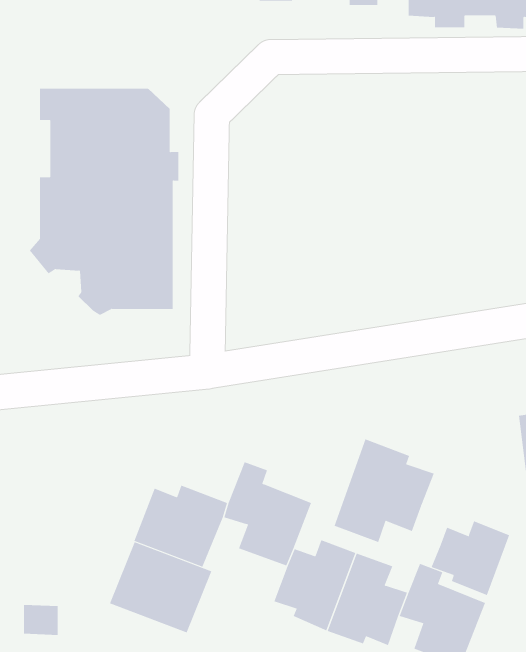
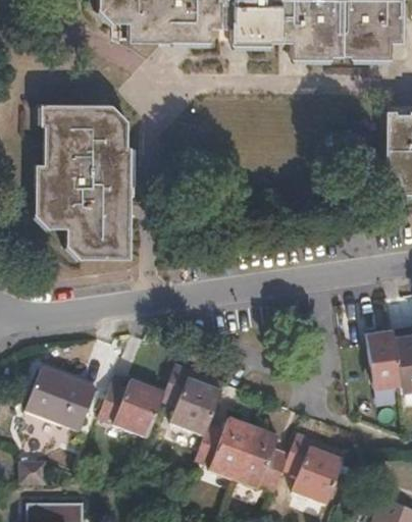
building: [334,439,434,543] -> none
building: [431,521,510,596] -> none
building: [109,542,212,633] -> [28,367,99,430]

